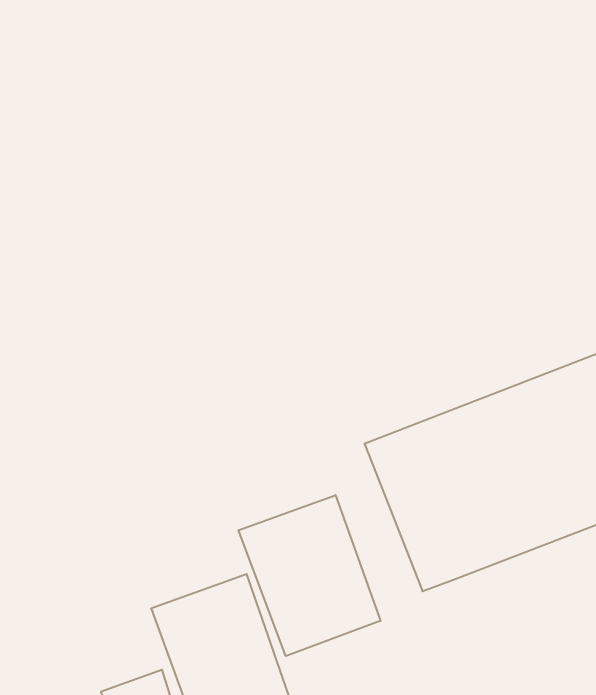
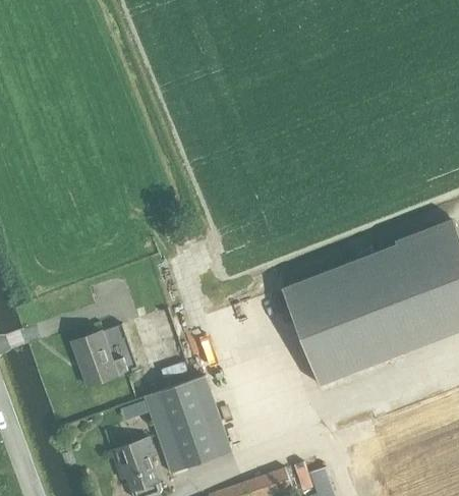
building: [239,495,381,656] -> none
building: none -> [70,325,135,386]

